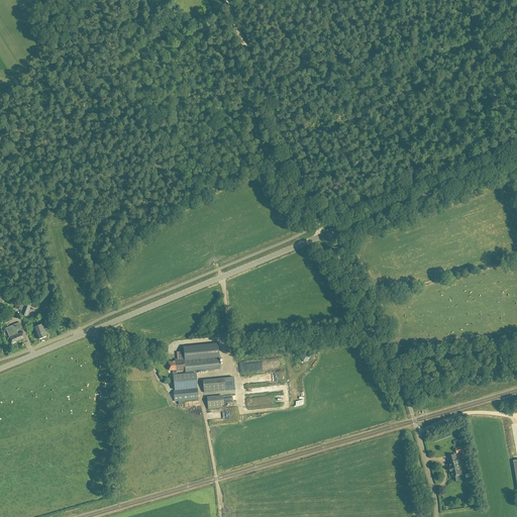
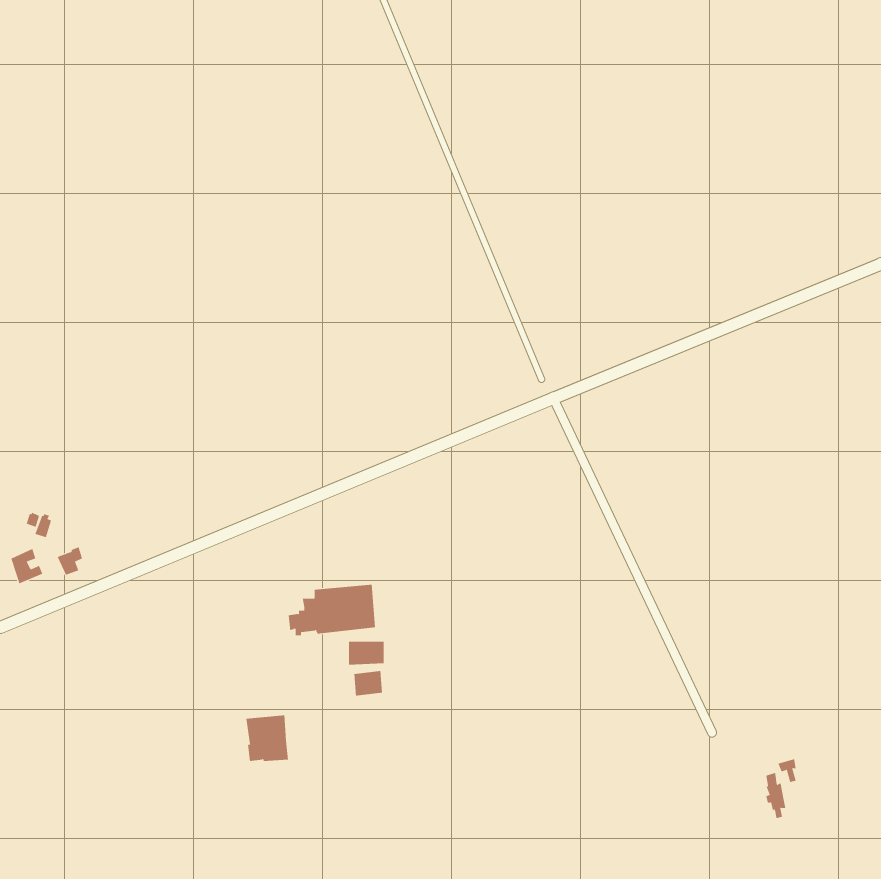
building: [173,372,198,399] -> [246,715,289,761]

